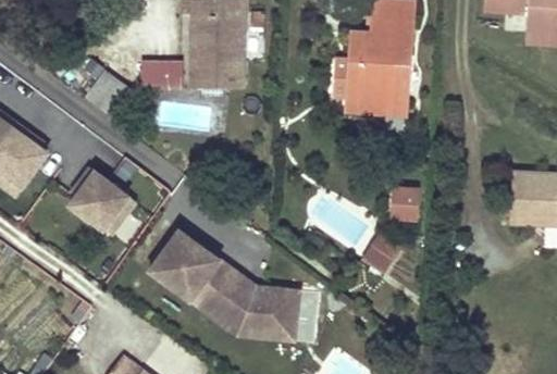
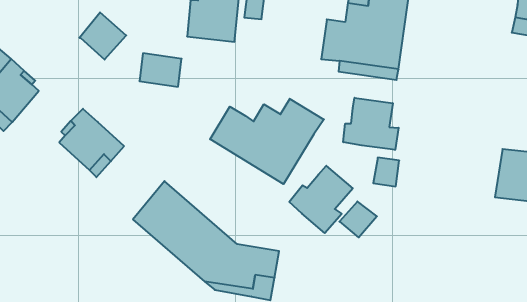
building: [144,61,184,91] -> [139,53,182,87]
building: none -> [343,98,399,150]
building: none -> [210,99,324,184]
building: none -> [289,166,353,233]

